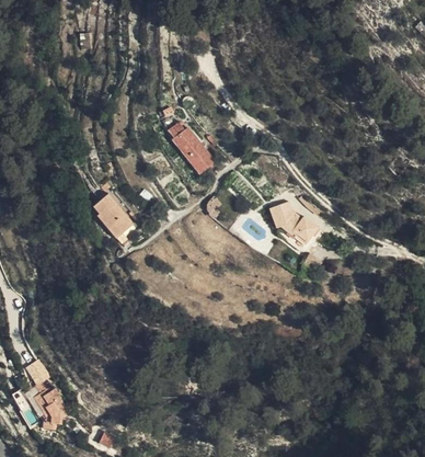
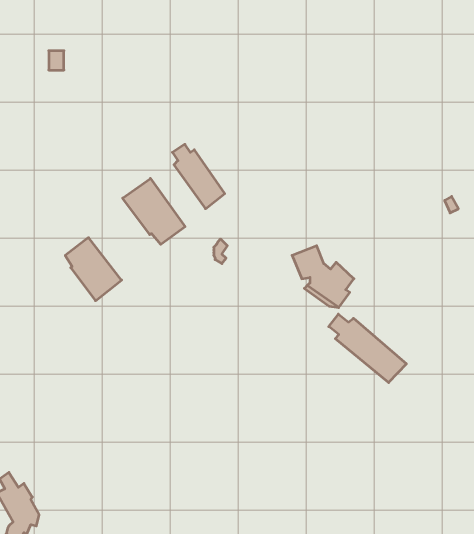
building: none -> [123,178,185,244]
building: none -> [329,314,406,383]

